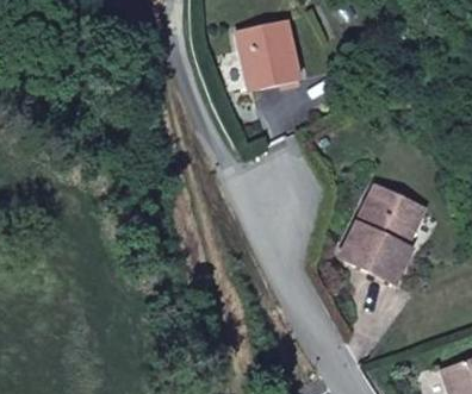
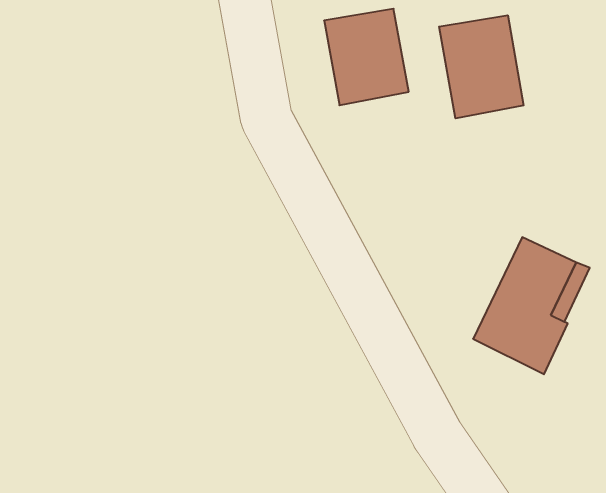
building: none -> [439,15,524,118]

